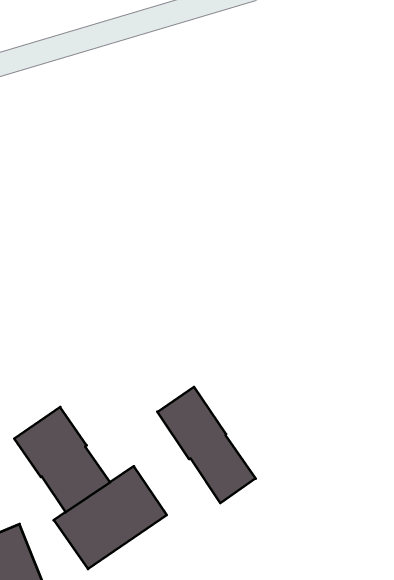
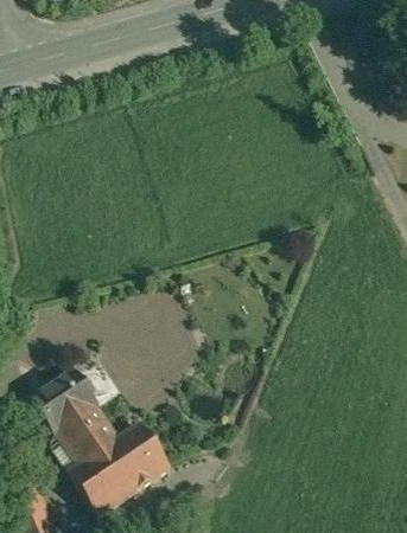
building: [157,387,256,503] -> none

